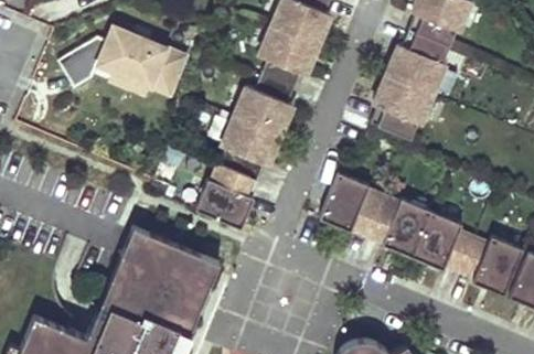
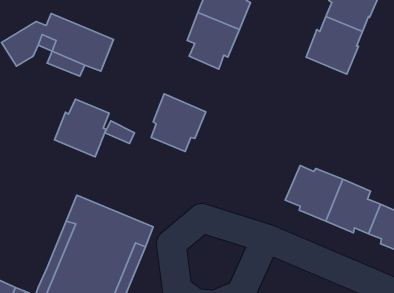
building: [233,73,293,135] -> none
building: [375,74,436,139] -> none
building: [195,163,256,227] -> [55,99,109,157]
building: [319,171,384,233] -> none

